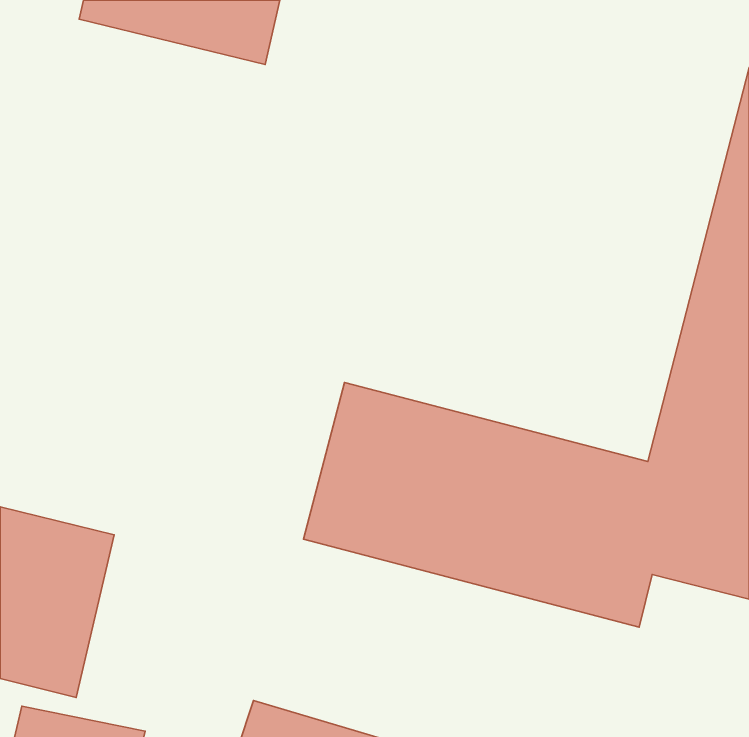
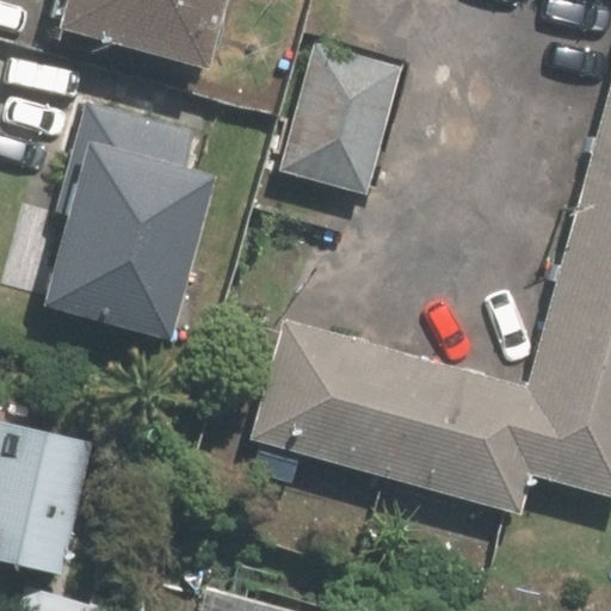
building: none -> [276,42,403,198]
building: none -> [47,98,212,338]

